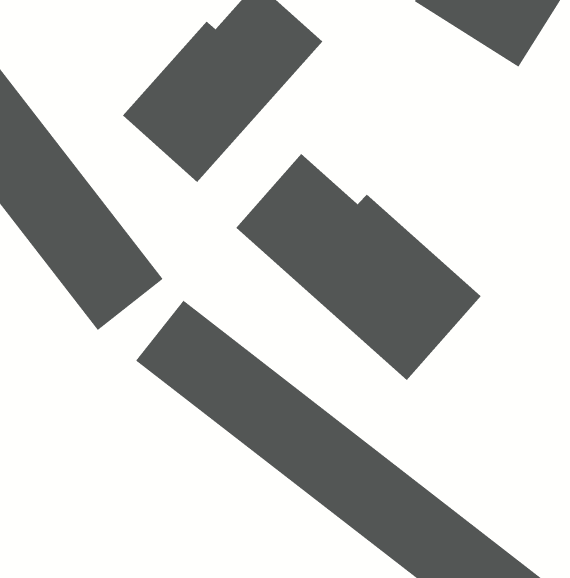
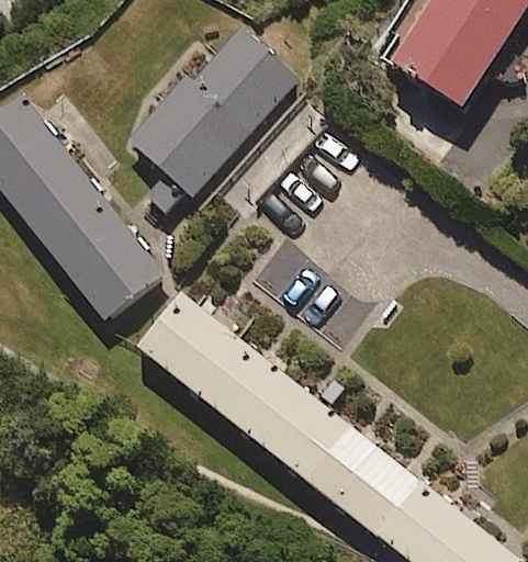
building: [235,153,482,381] -> none

